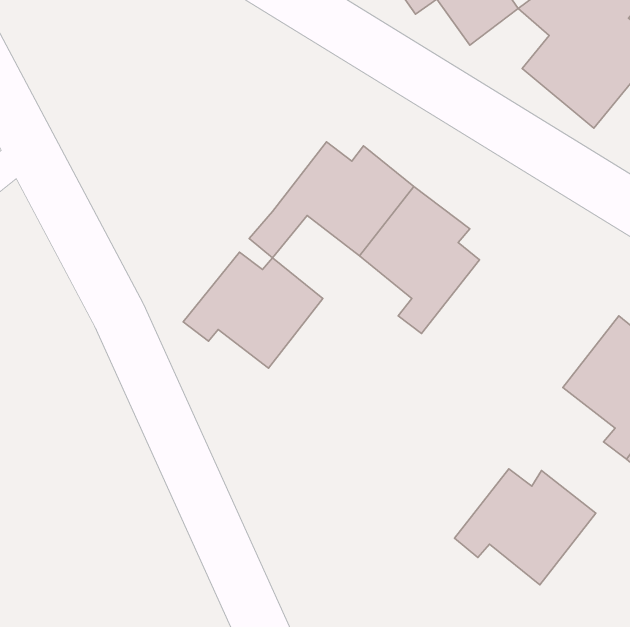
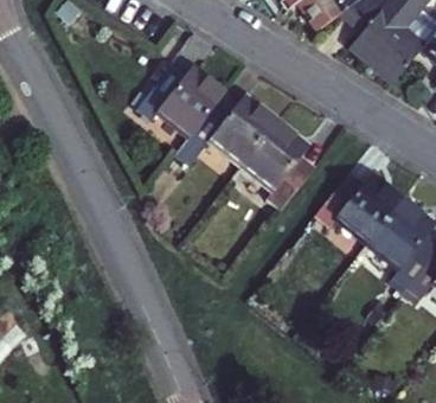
building: [183,252,323,368] -> [142,63,227,134]
building: [455,469,596,585] -> [320,171,406,242]

